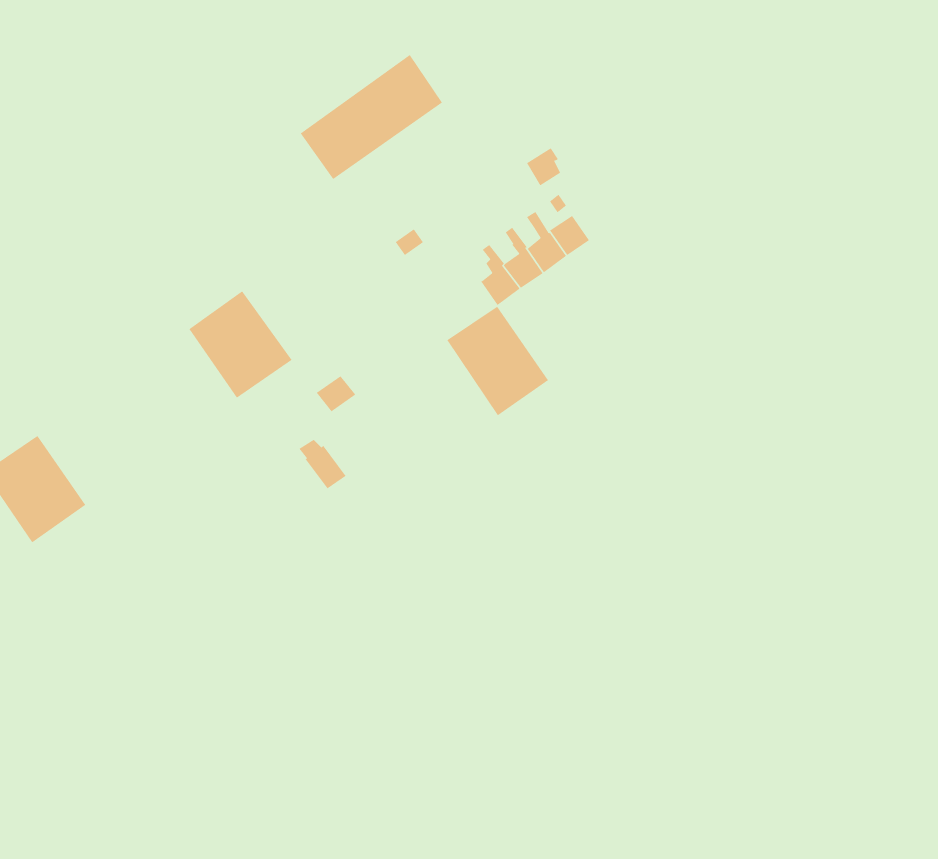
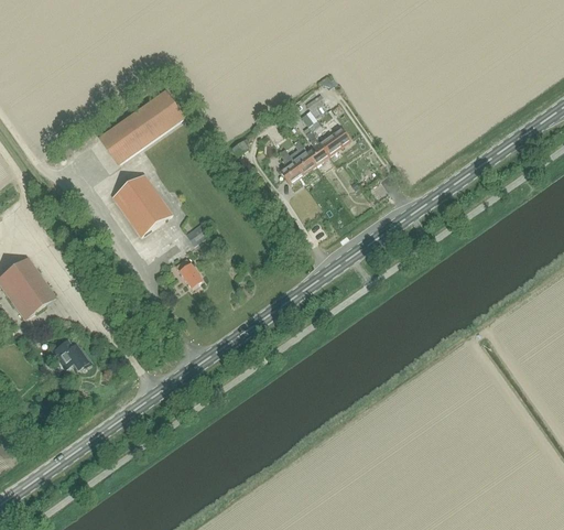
building: [300,54,443,180] -> [100,91,182,163]
building: [447,306,549,416] -> none
building: none -> [51,340,90,370]

